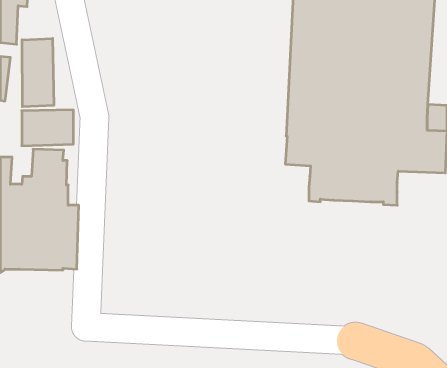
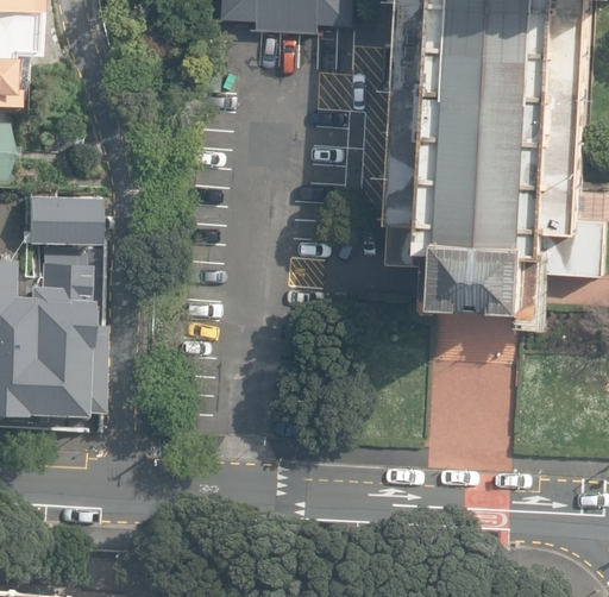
building: [22,38,54,107] -> none

